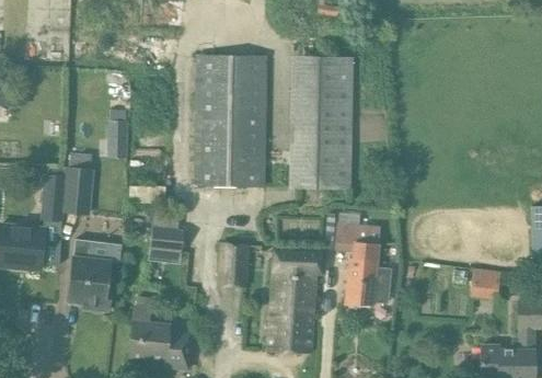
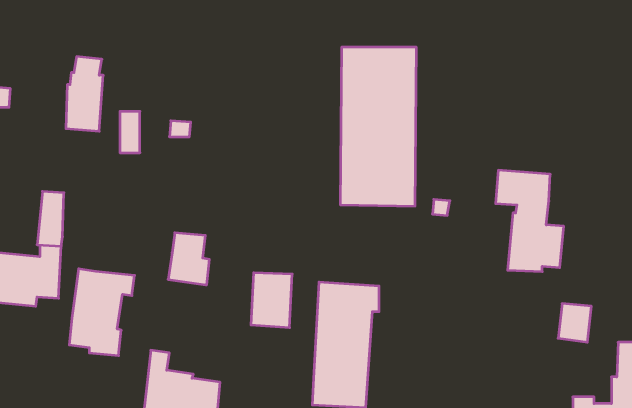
building: [194,55,267,187] -> none
building: [62,153,93,215] -> [66,57,103,131]
building: [335,222,391,306] -> [496,170,564,272]

